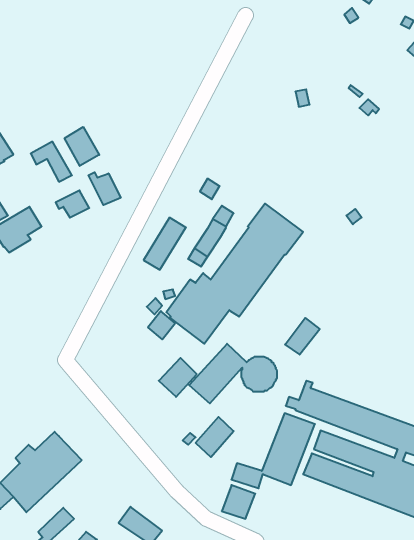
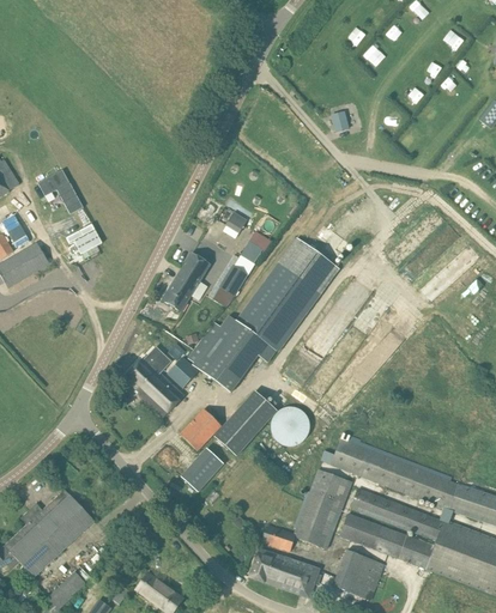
building: [65,127,99,166] -> none
building: [88,172,121,205] -> none
building: none -> [122,356,185,417]
building: [285,318,320,355] -> none
building: [196,417,234,457] -> [181,447,223,491]
building: none -> [333,548,386,599]
building: none -> [276,557,319,596]

